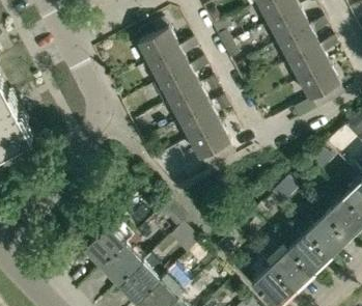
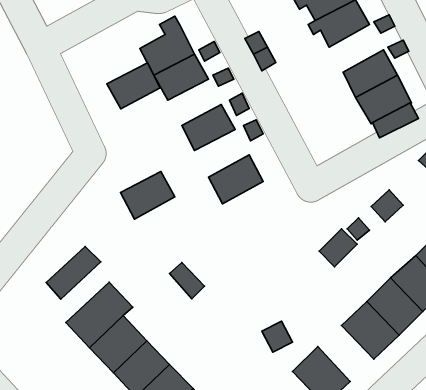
building: [278,27,318,62] -> none
building: [159,67,198,102] -> [107,63,160,109]
building: [178,105,219,140] -> [120,172,175,219]
building: none -> [46,246,101,299]
building: [270,250,311,291] -> none

